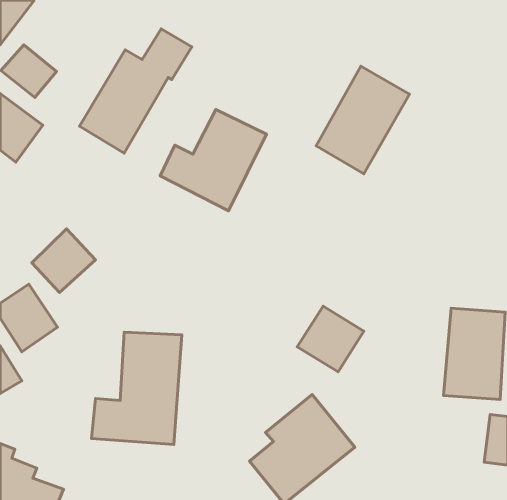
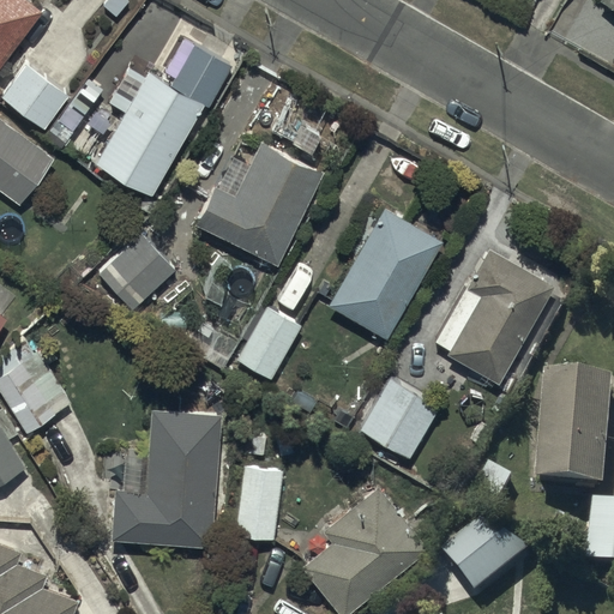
building: [316,66,410,174] -> [329,207,441,337]
building: none -> [437,247,556,389]
building: [32,229,95,293] -> [98,235,175,312]
building: none -> [237,308,300,378]
building: none -> [236,466,282,538]
building: none -> [445,530,529,598]

